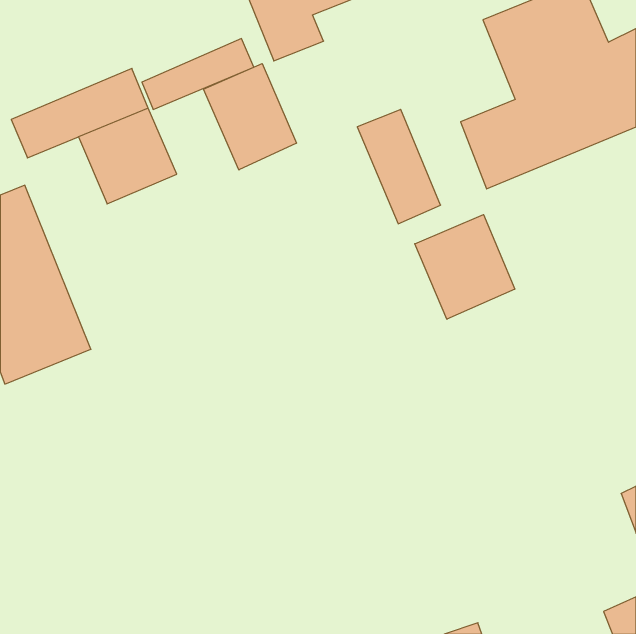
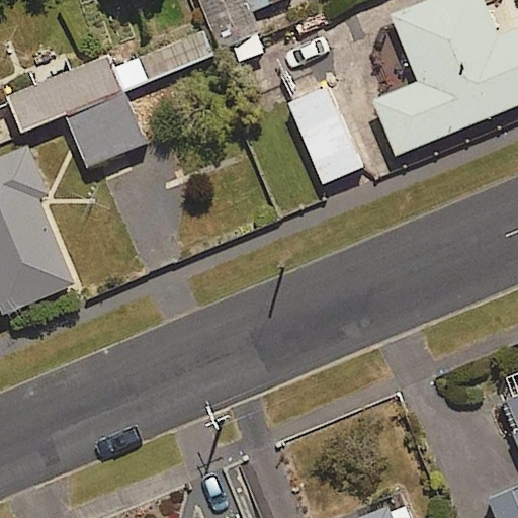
building: [204,64,296,170] -> none
building: [415,215,515,319] -> none

